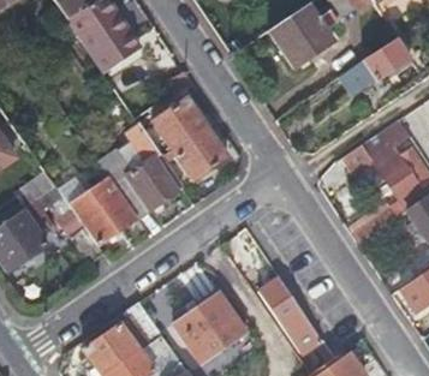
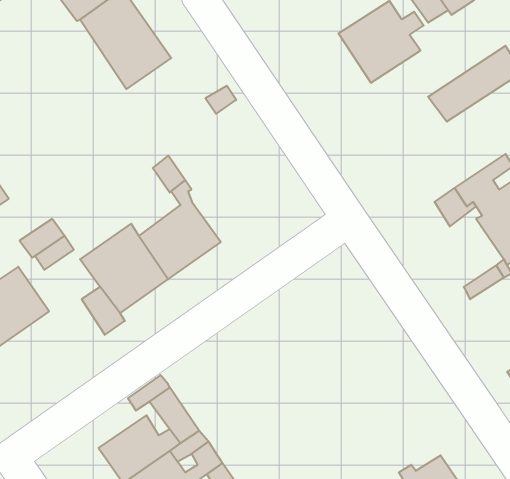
building: [151,95,227,179] -> none
building: [255,273,317,348] -> none
building: [172,291,246,364] -> none

